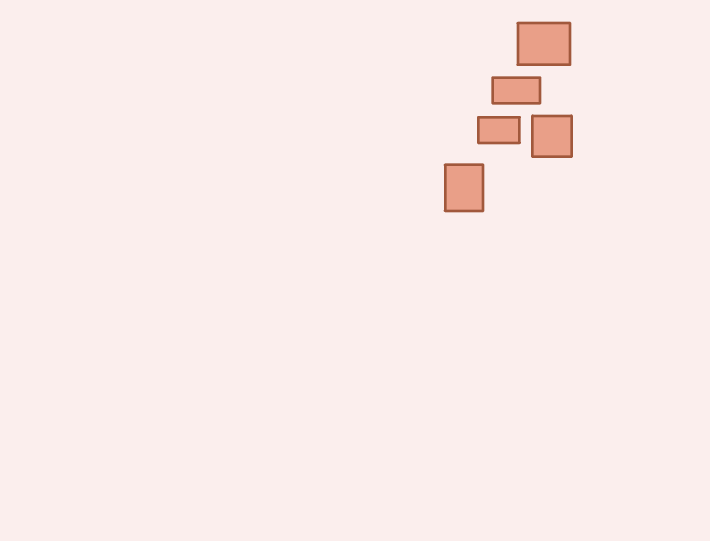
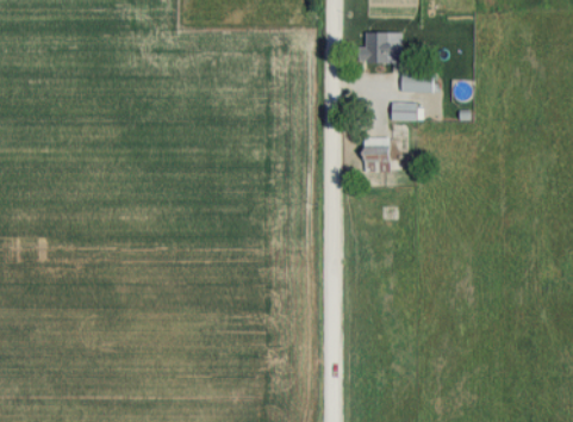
building: [518,23,570,65] -> [363,31,403,62]
building: [533,116,571,157] -> none

